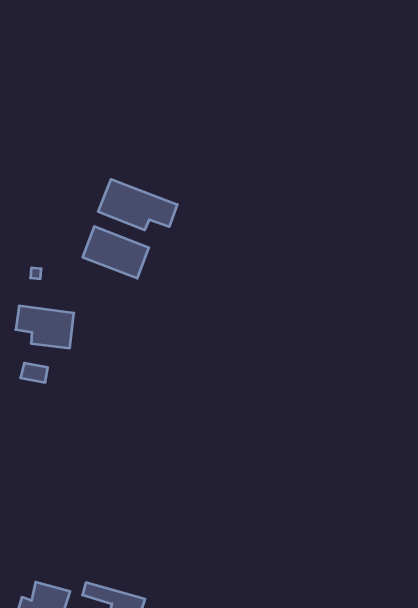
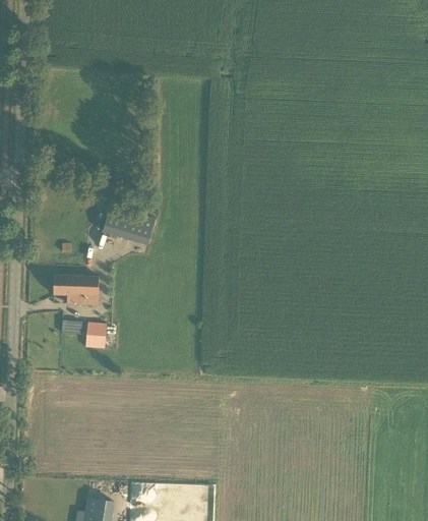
building: [98,179,177,230] -> none
building: none -> [85,322,106,348]

